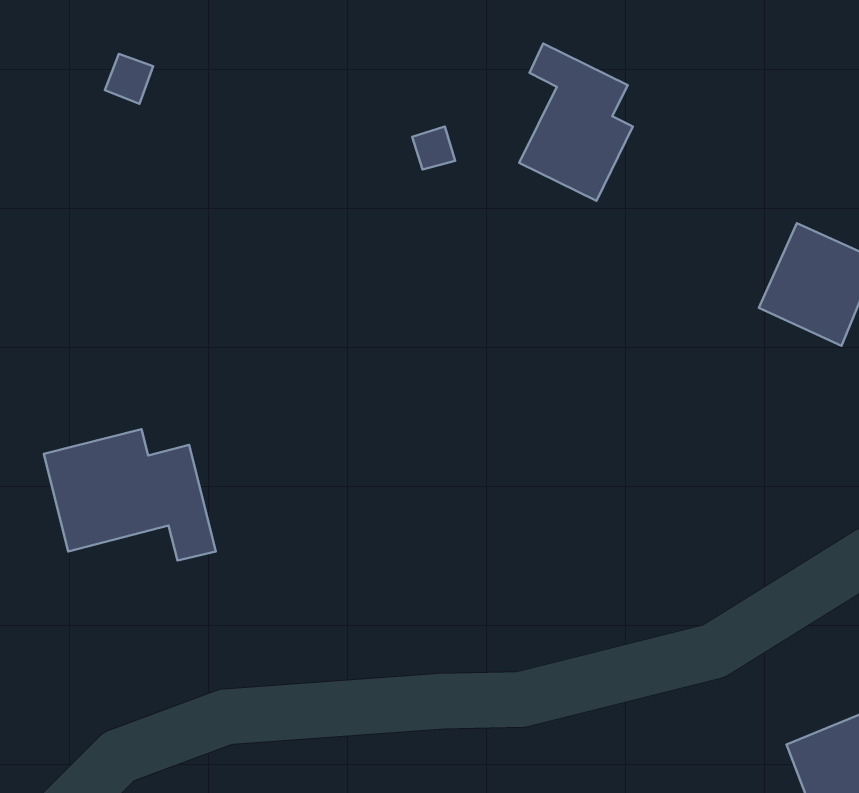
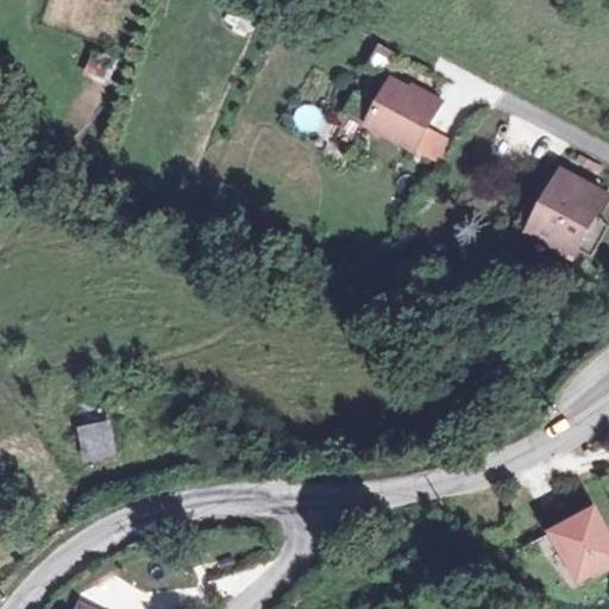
building: [44,429,216,561] -> none
building: none -> [75,419,117,460]

